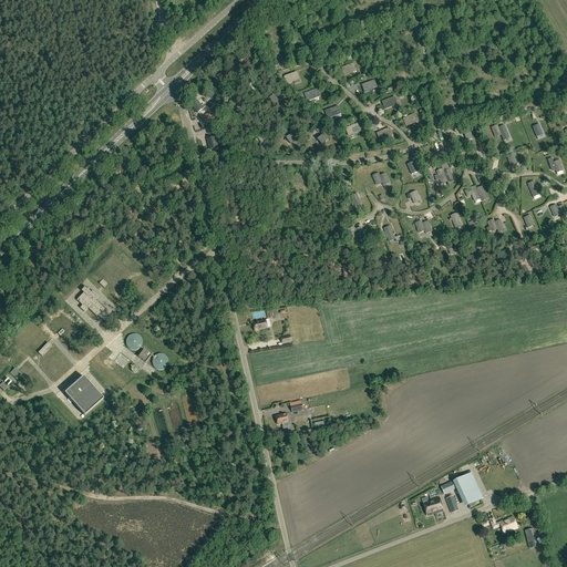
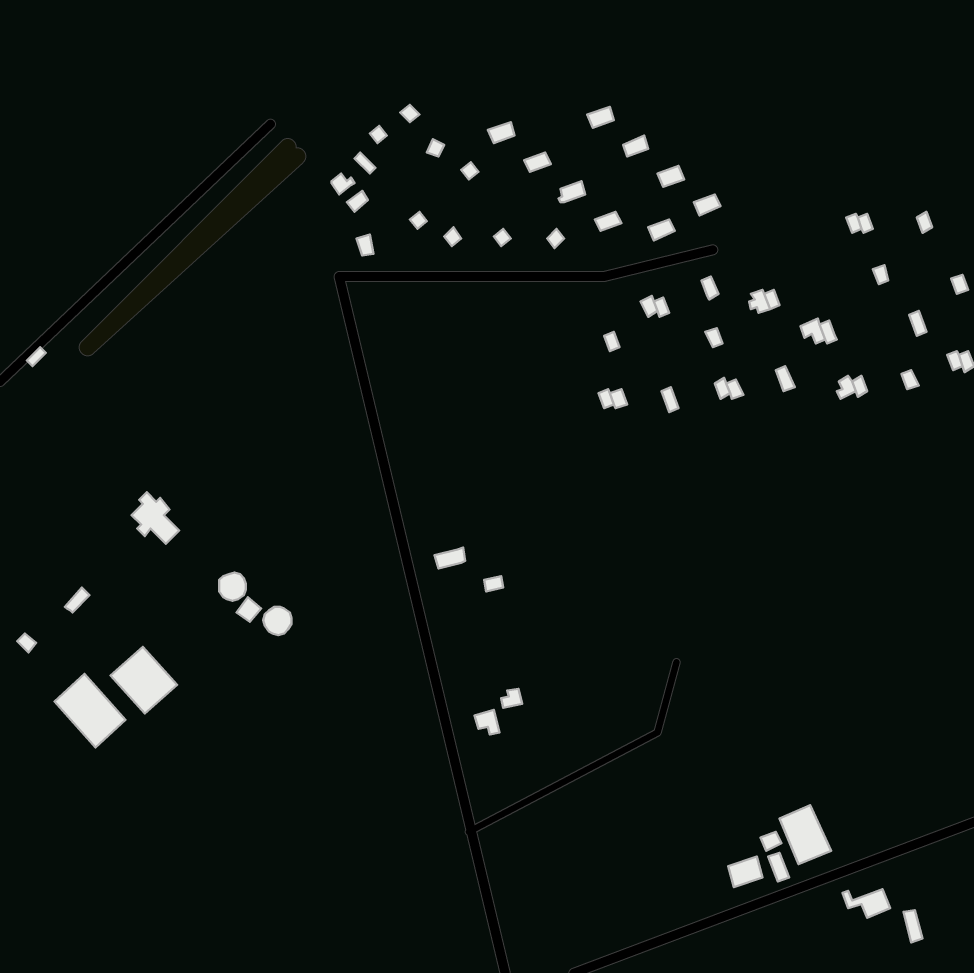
building: none -> [54,674,126,747]

